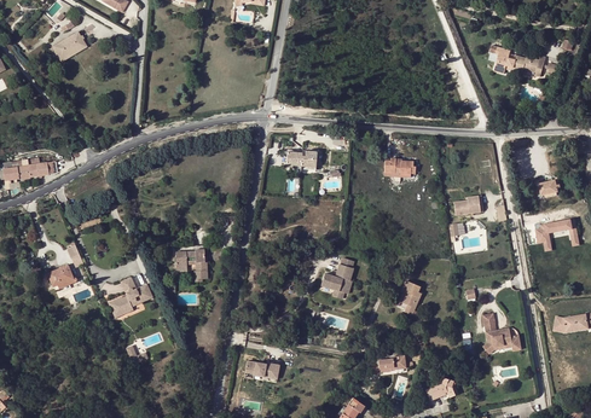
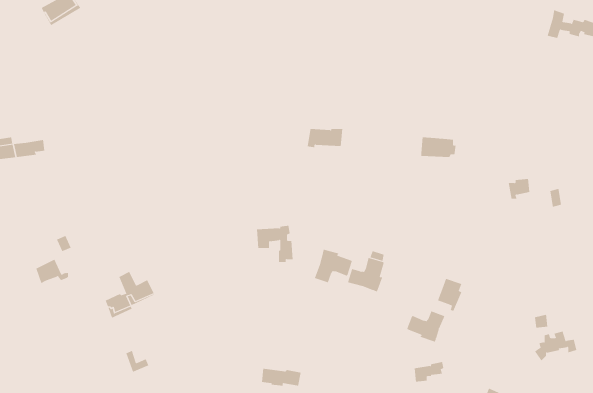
building: [175,248,208,280] -> [256,225,293,263]
building: none -> [314,249,352,283]
building: none -> [407,310,445,342]

